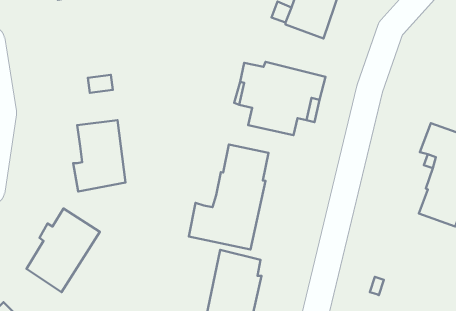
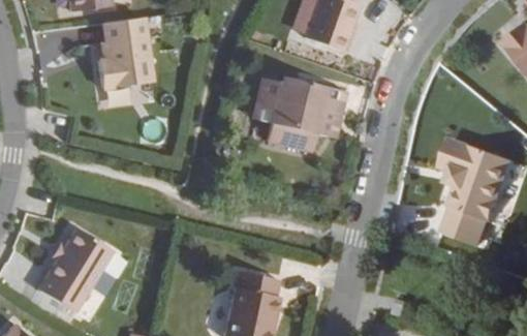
building: [73,120,125,191] -> [97,17,151,90]
building: [189,145,268,250] -> none

